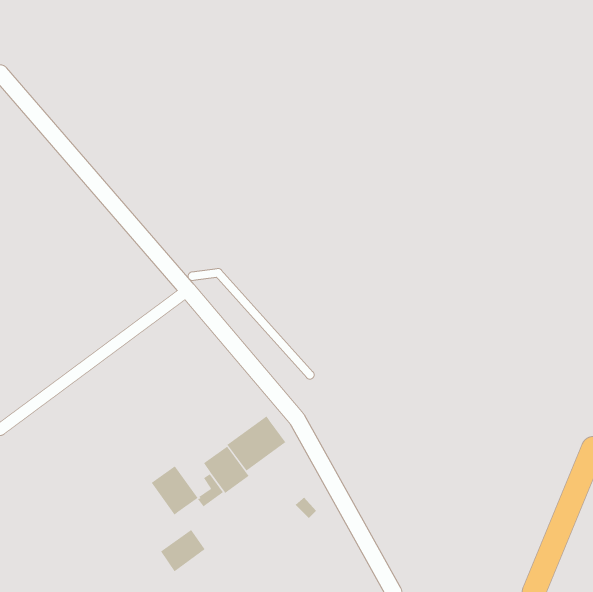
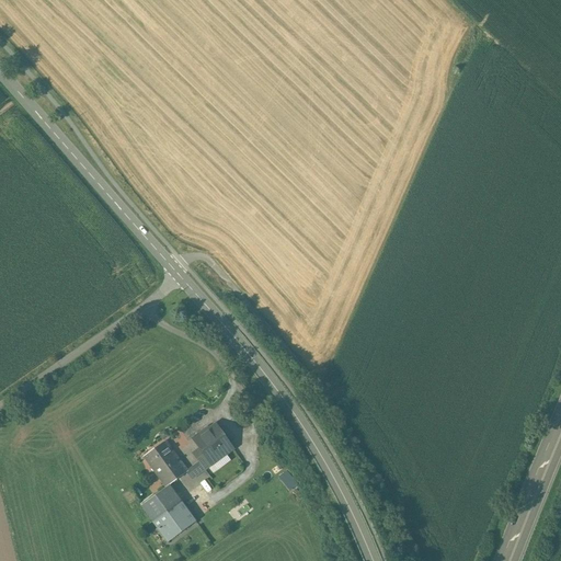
building: [227,415,286,472] -> none
building: none -> [139,483,181,520]

